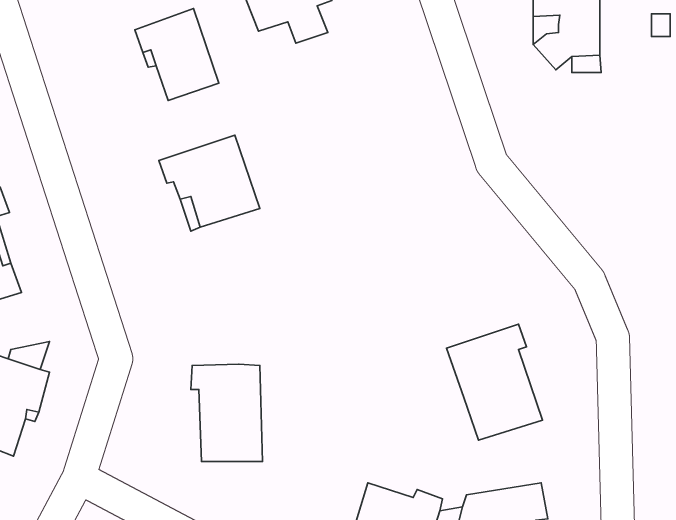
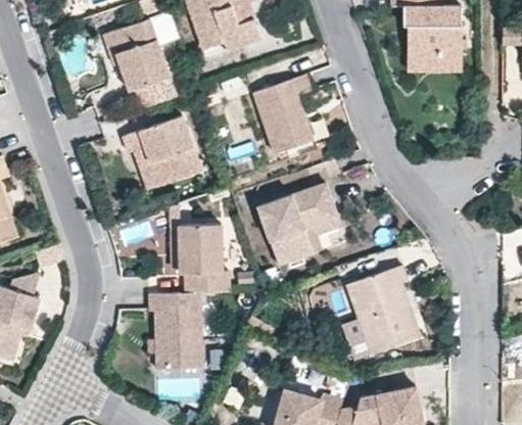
building: none -> [250,72,312,153]
building: none -> [256,182,336,264]
building: none -> [179,228,228,296]

